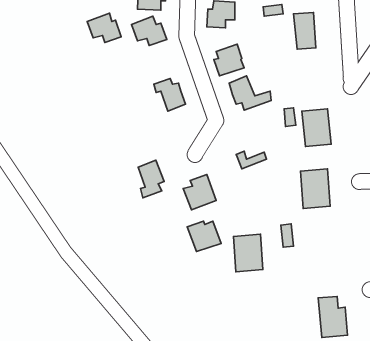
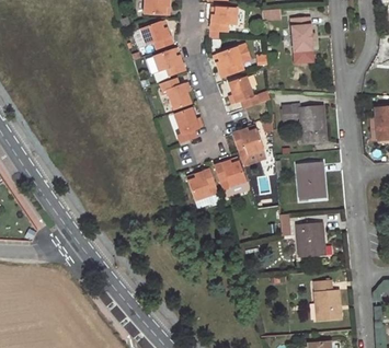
building: [87,13,121,43] -> [152,47,184,74]
building: none -> [231,127,263,153]
building: [138,160,164,198] -> [174,107,198,142]
building: [187,221,221,252] -> [214,161,245,189]
building: [233,234,263,272] -> [297,222,324,257]

